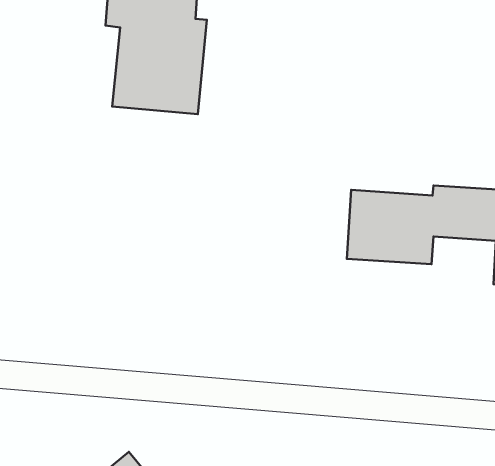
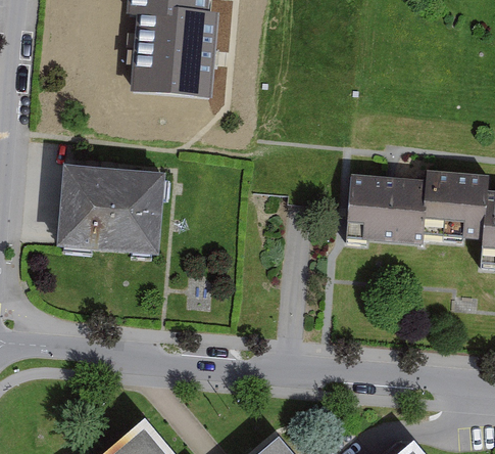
building: none -> [56,174,158,258]

